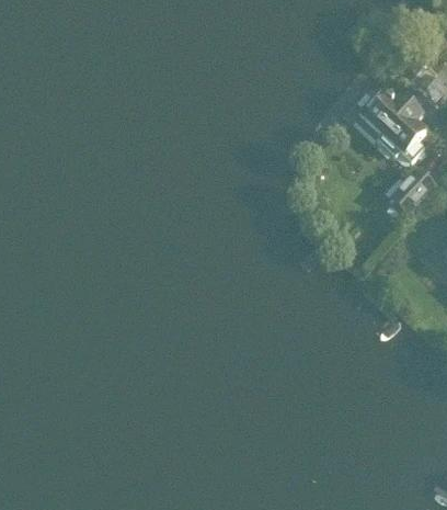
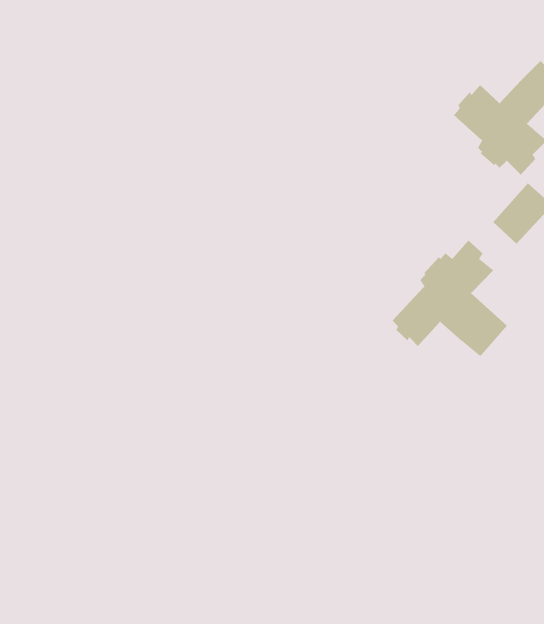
building: none -> [392,240,508,357]

